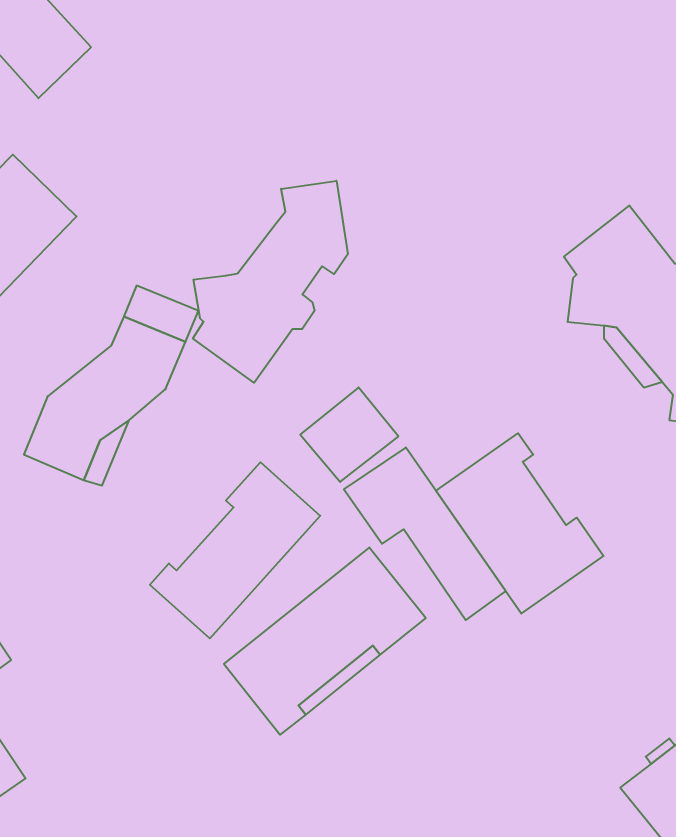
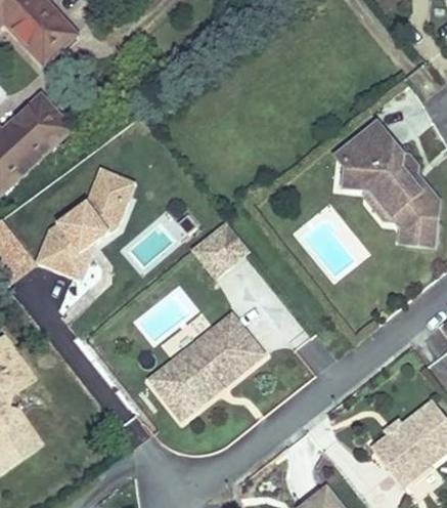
building: [193,181,348,383] -> none
building: [436,433,604,614] -> none
building: [150,462,320,638] -> none

